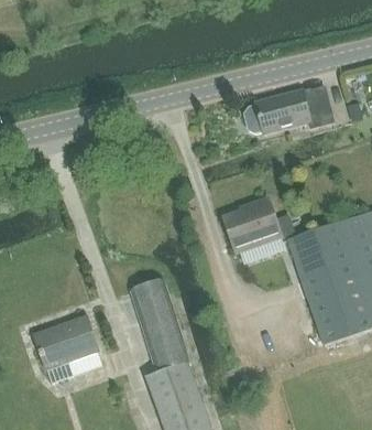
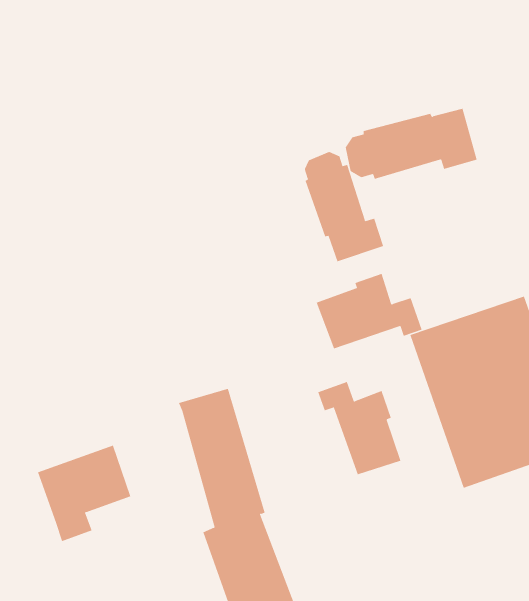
building: none -> [304,151,384,262]
building: none -> [317,381,401,475]

